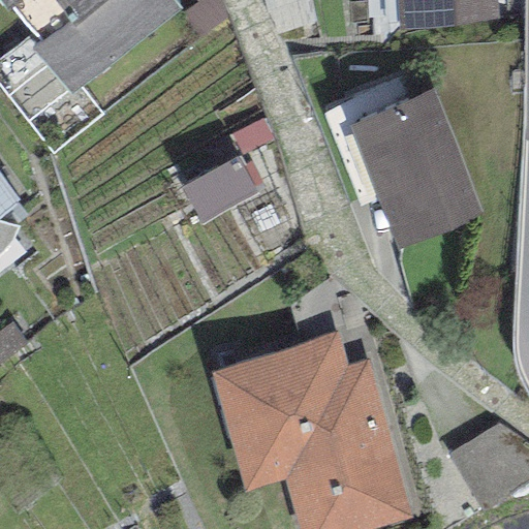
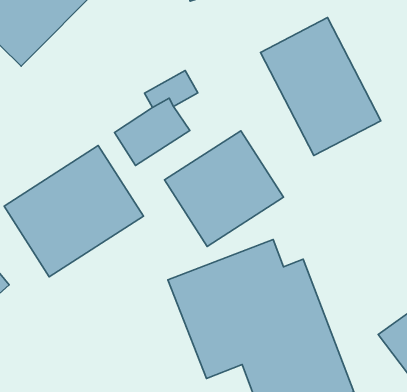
building: none -> [4,146,143,277]
building: none -> [164,131,283,246]

